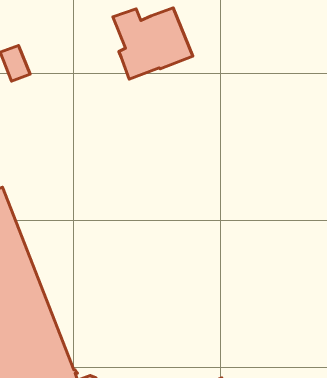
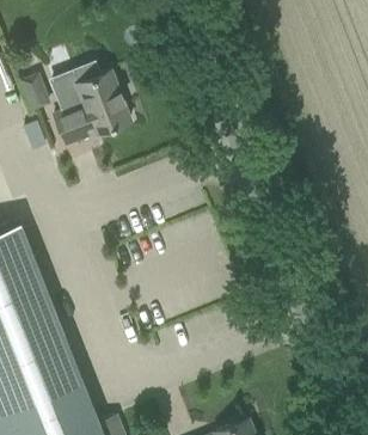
building: [113,8,193,79] -> [48,74,130,148]

